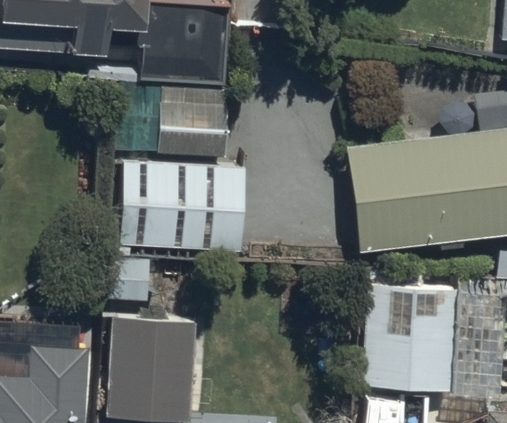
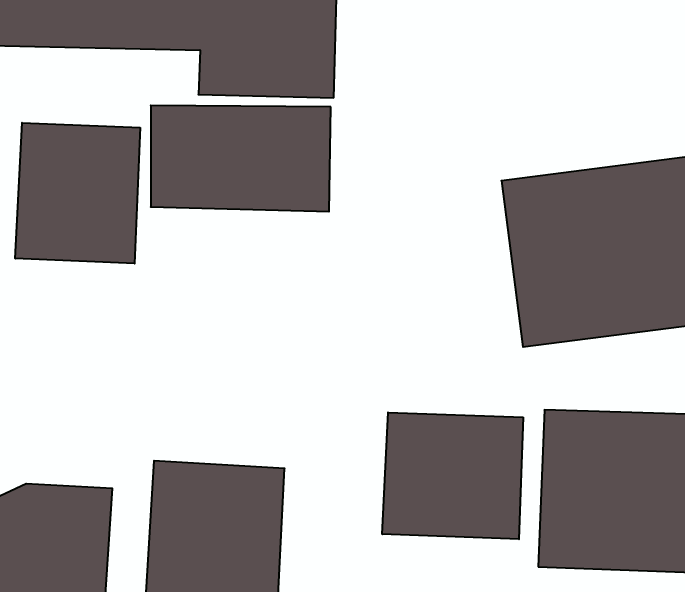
building: none -> [15,123,140,264]
building: [122,163,245,252] -> none
building: none -> [382,412,523,539]

